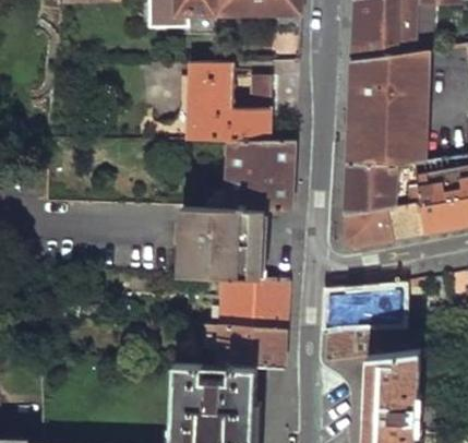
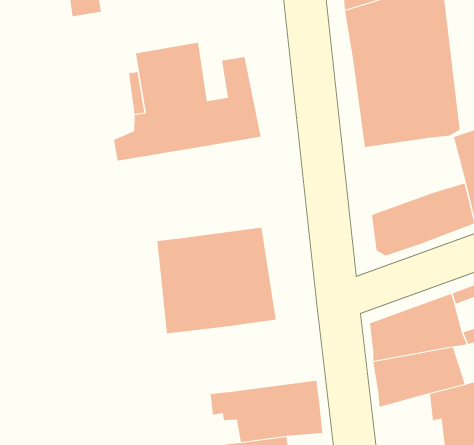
building: [200,142,295,211] -> none
building: [346,163,398,214] -> none
building: [219,279,287,331] -> none

